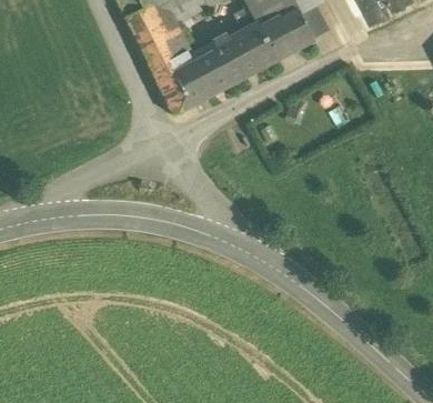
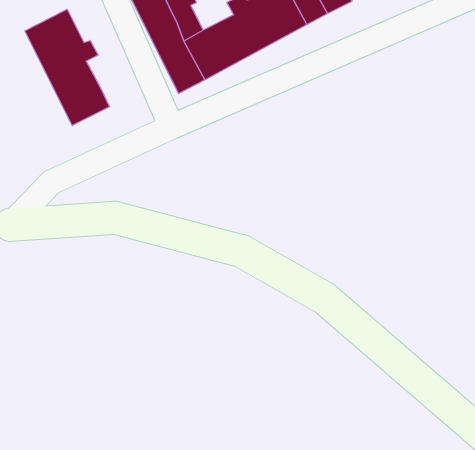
building: none -> [25,9,109,126]

